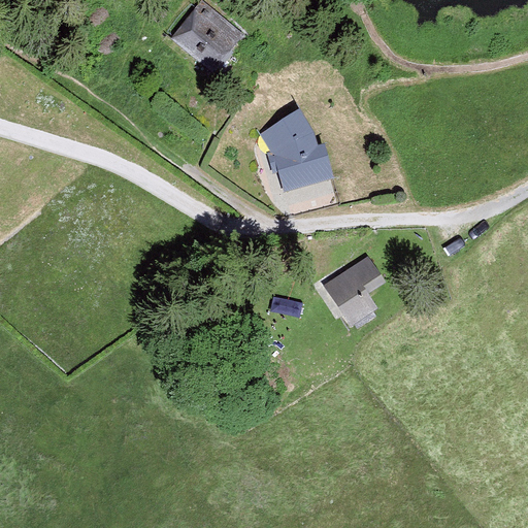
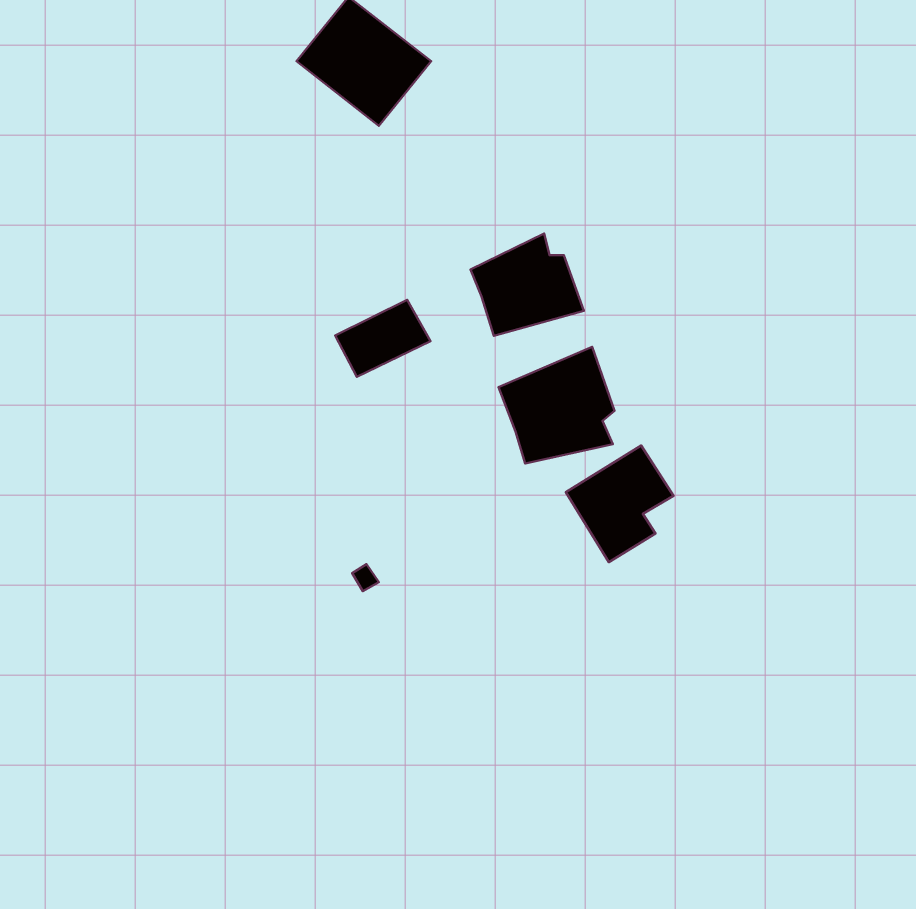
building: [258,110,312,155] -> [335,300,430,377]
building: none -> [498,347,615,463]

